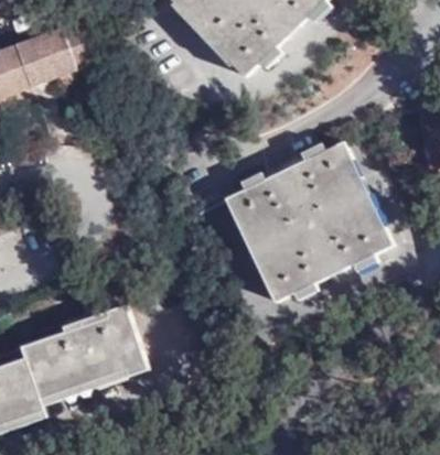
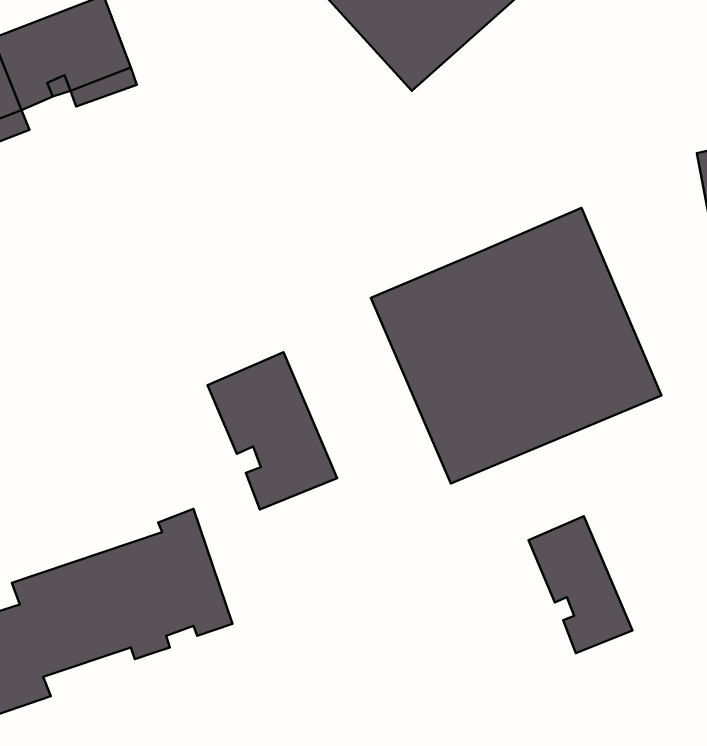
building: none -> [208,352,337,510]
building: none -> [528,516,632,653]

